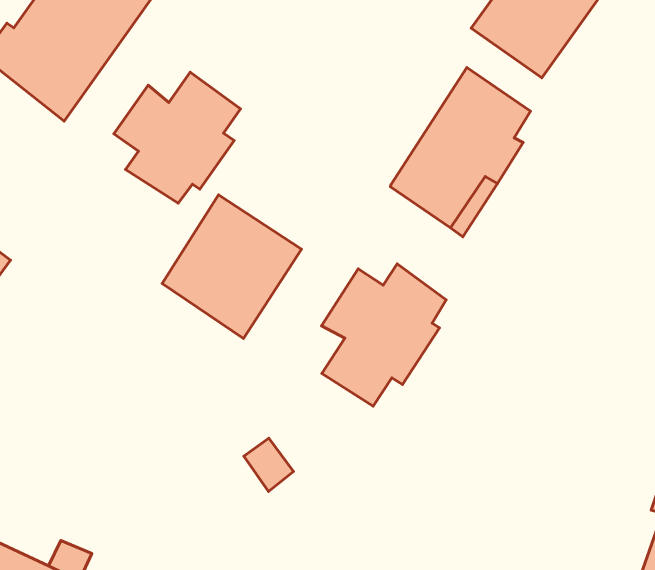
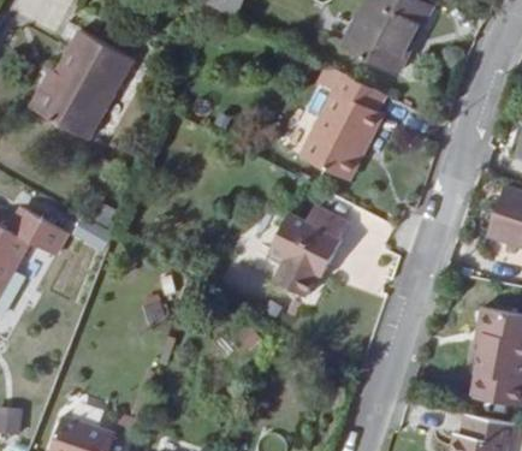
building: [114,72,241,203] -> none
building: [162,195,301,338] -> none

